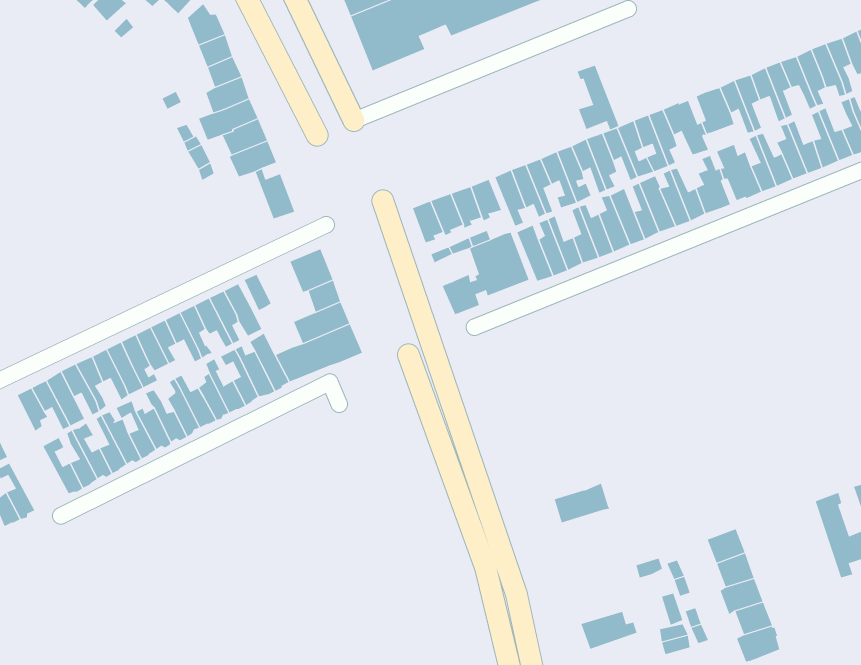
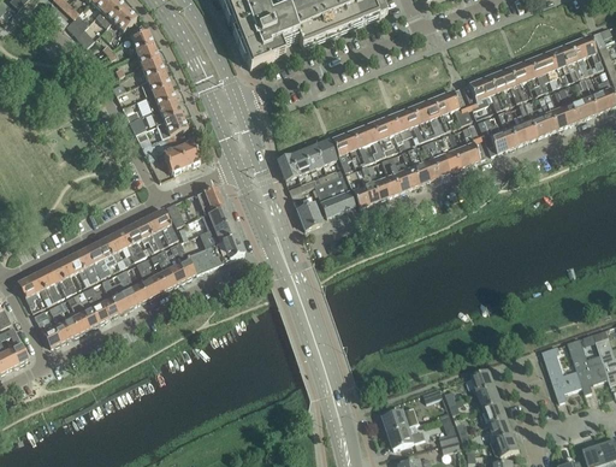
building: [577,65,619,130] -> none
building: none -> [142,135,185,172]
building: [554,483,611,523] -> [383,406,420,432]

